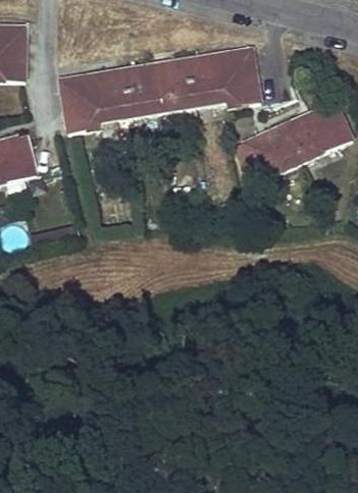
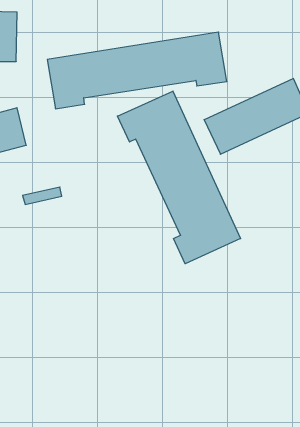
building: none -> [117,91,241,264]

